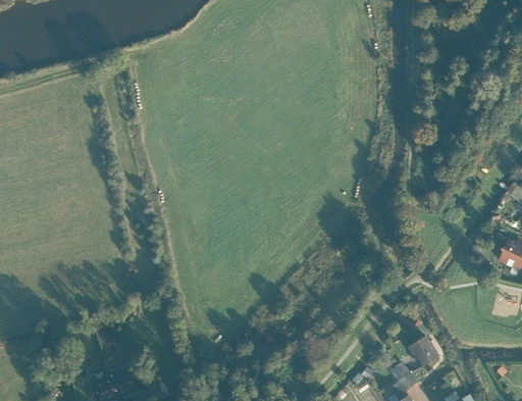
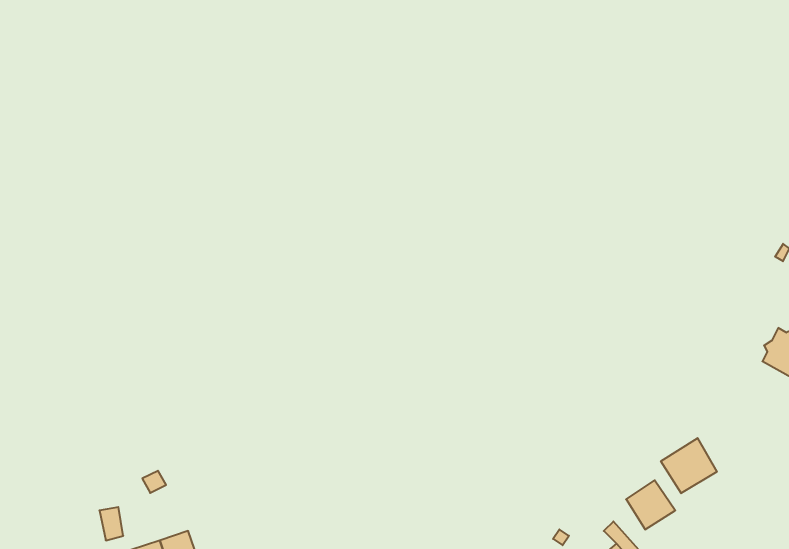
building: none -> [661,438,717,493]

